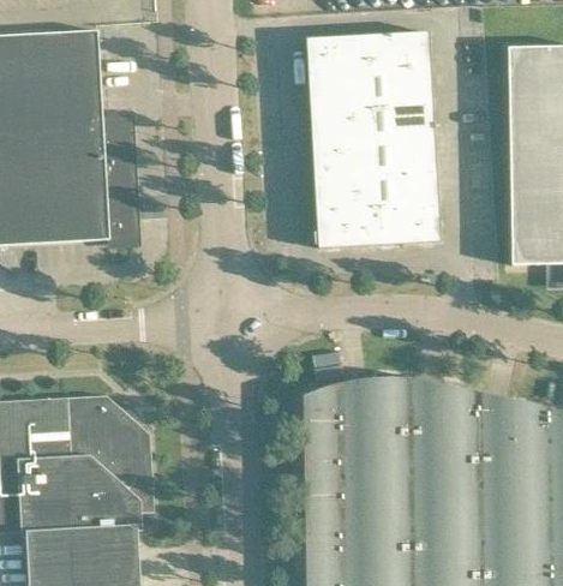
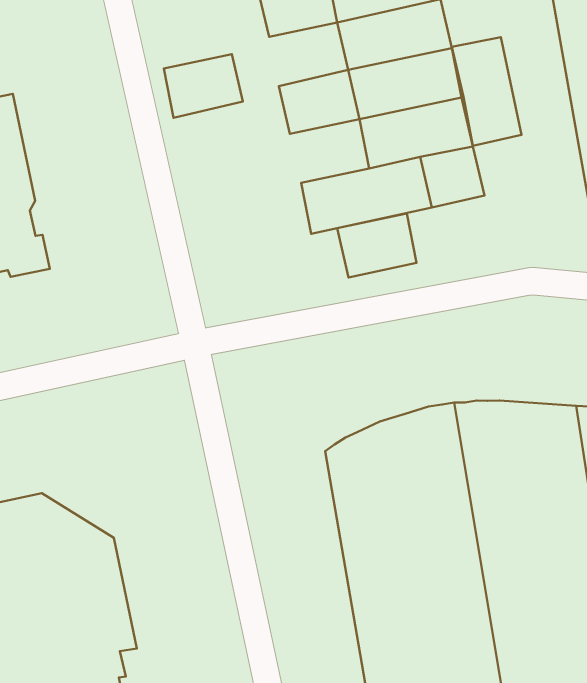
building: [311,106,361,143] -> [164,54,243,118]
building: none -> [452,37,521,146]
building: [315,174,365,211] -> [337,214,417,277]

